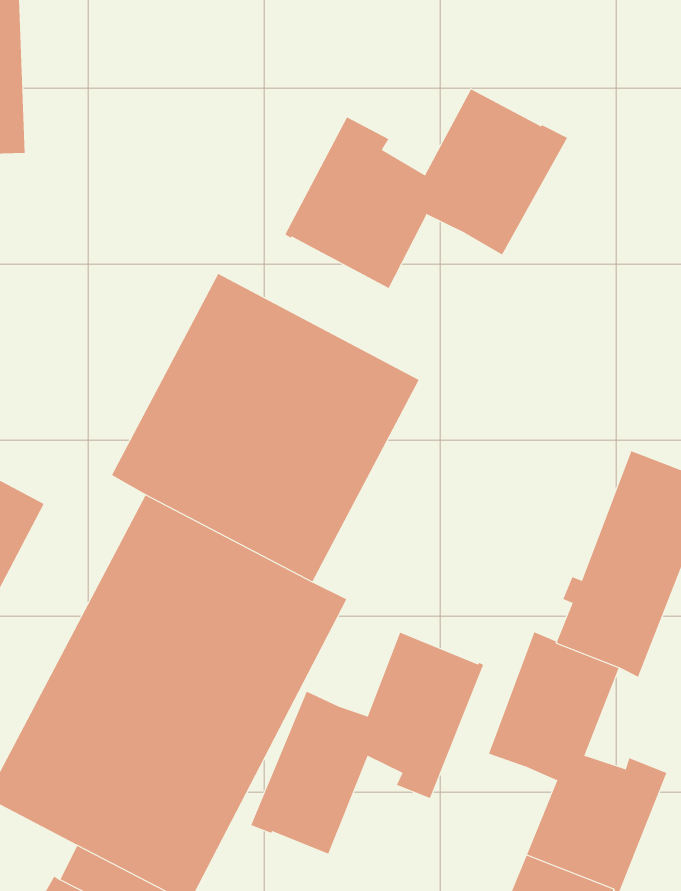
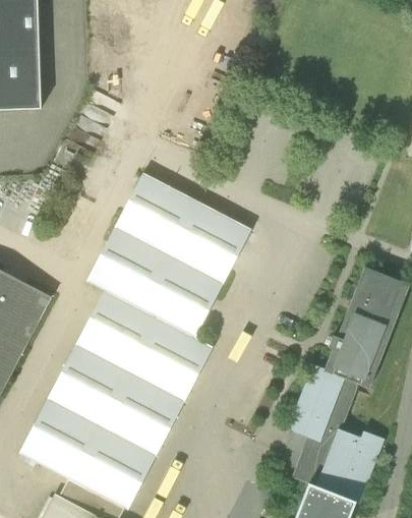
building: [284,89,568,289] -> none
building: [250,632,484,854] -> none
building: none -> [292,436,325,482]

